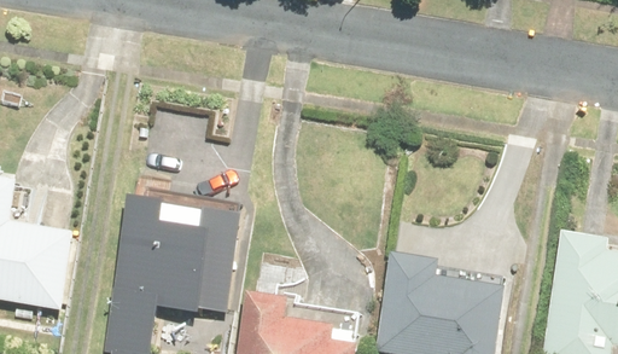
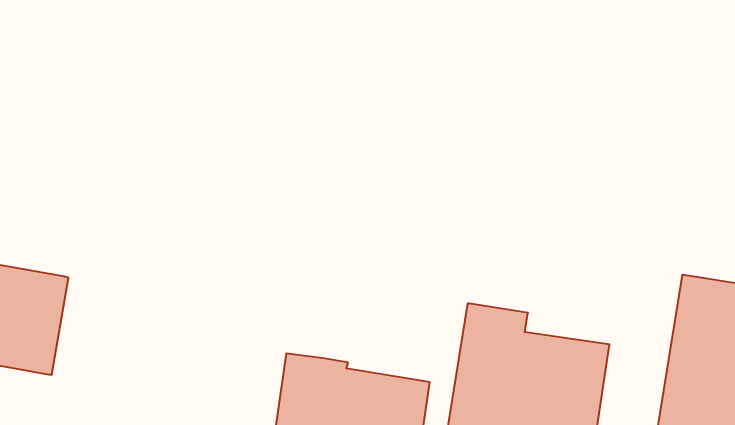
building: [106,216,239,338] -> none

